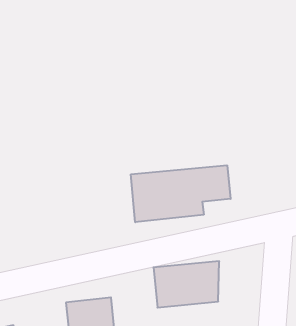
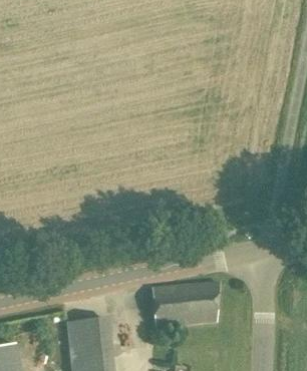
building: [131,165,231,222] -> none

